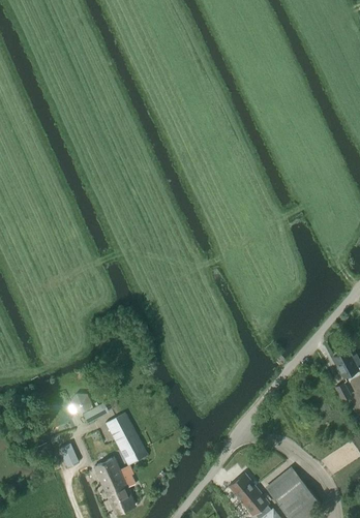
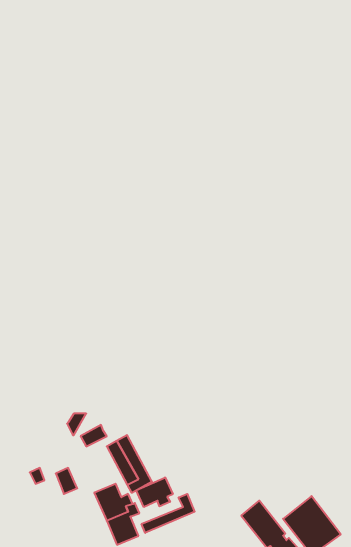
building: none -> [136,477,173,507]
building: none -> [142,494,195,533]

